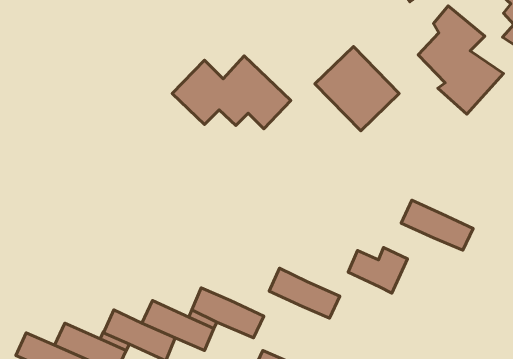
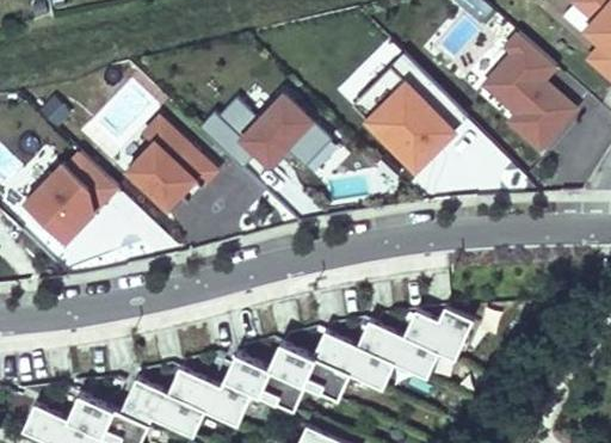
building: none -> [124,118,211,217]
building: none -> [24,152,119,250]
building: [401,200,473,250] -> [357,319,439,376]
building: none -> [269,342,351,399]

